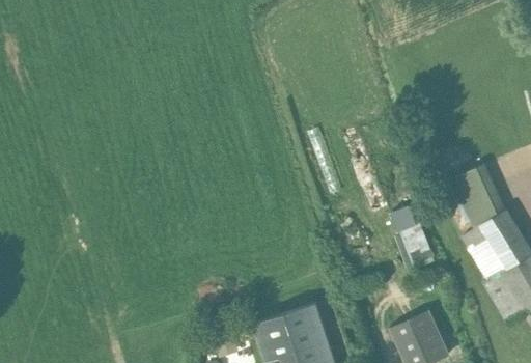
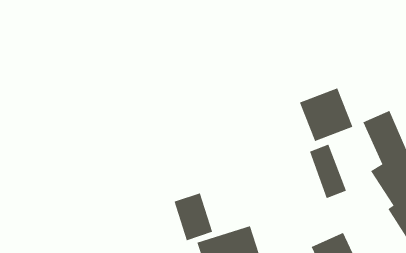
building: none -> [299,88,353,142]
building: none -> [174,192,213,241]

